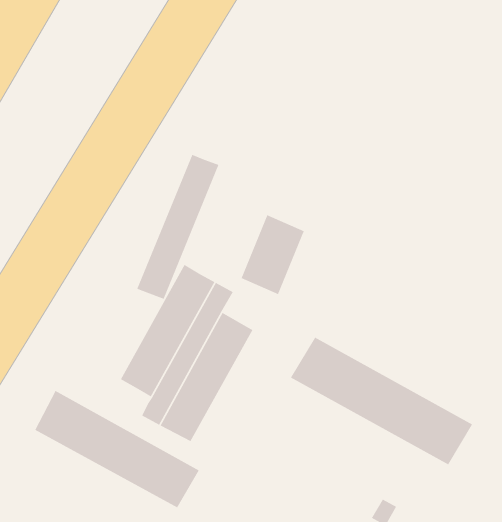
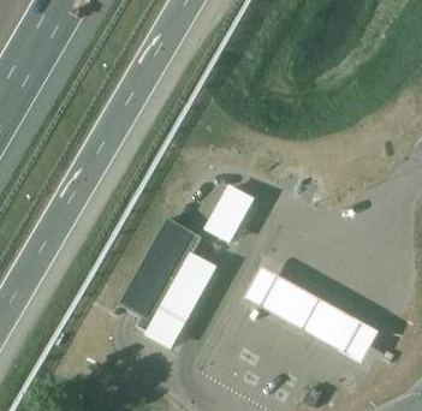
building: [136,154,220,300] -> none
building: [34,390,200,509] -> none

